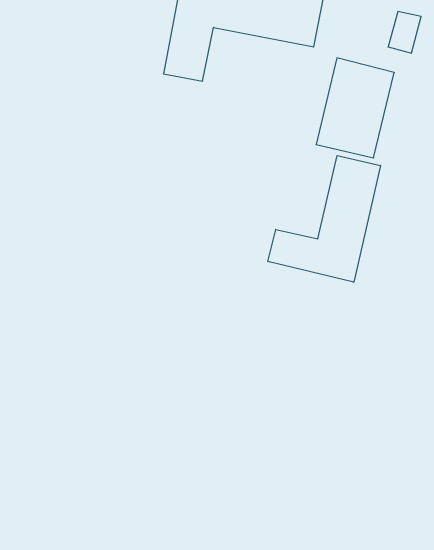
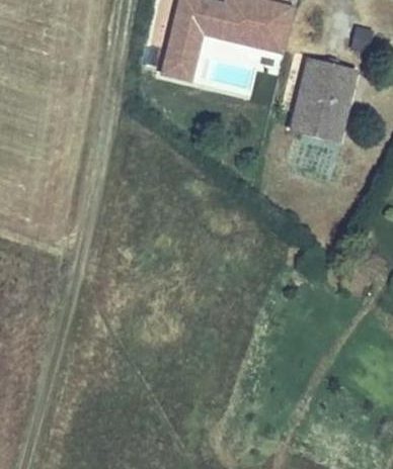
building: [268,156,380,282] -> none

